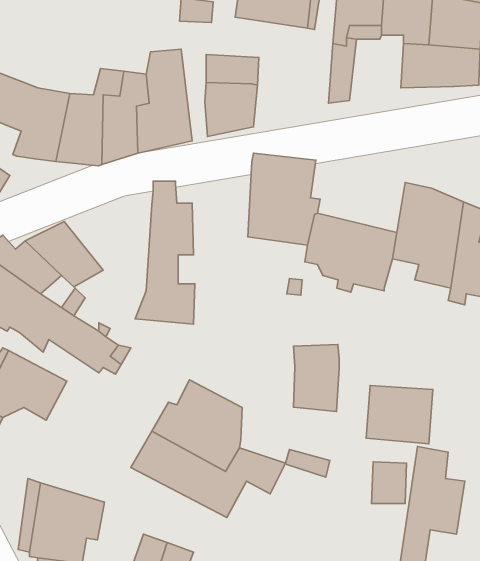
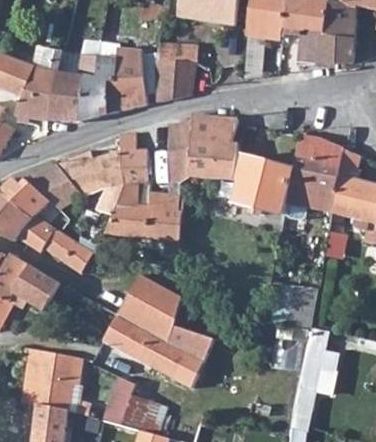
building: none -> [168,120,189,180]
building: none -> [54,151,117,213]
building: [293,345,339,411] -> [147,192,180,240]

